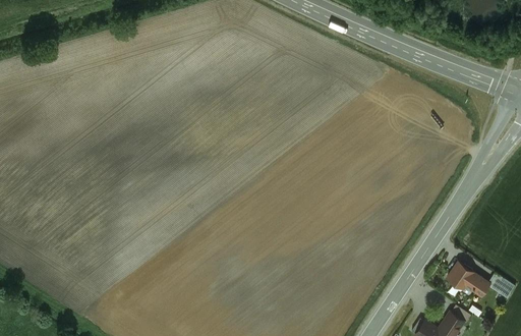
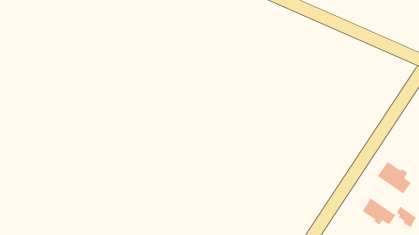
building: none -> [377,161,411,194]

